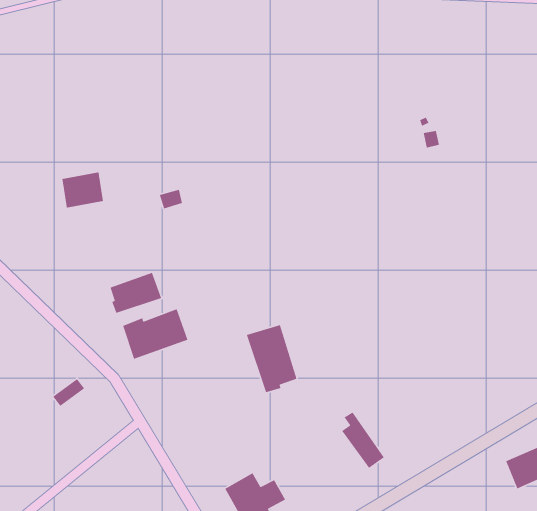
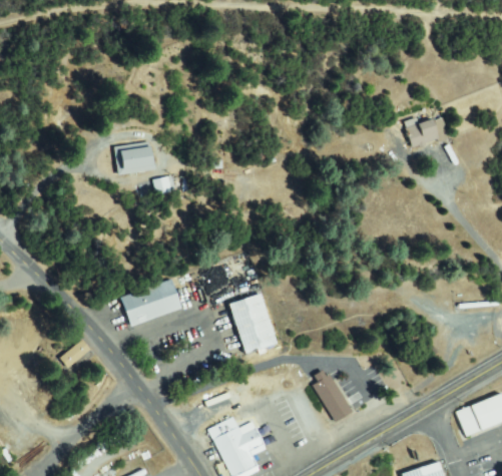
building: none -> [407,117,448,145]
building: [61,172,104,208] -> [115,142,152,174]
building: [109,272,162,314] -> none

